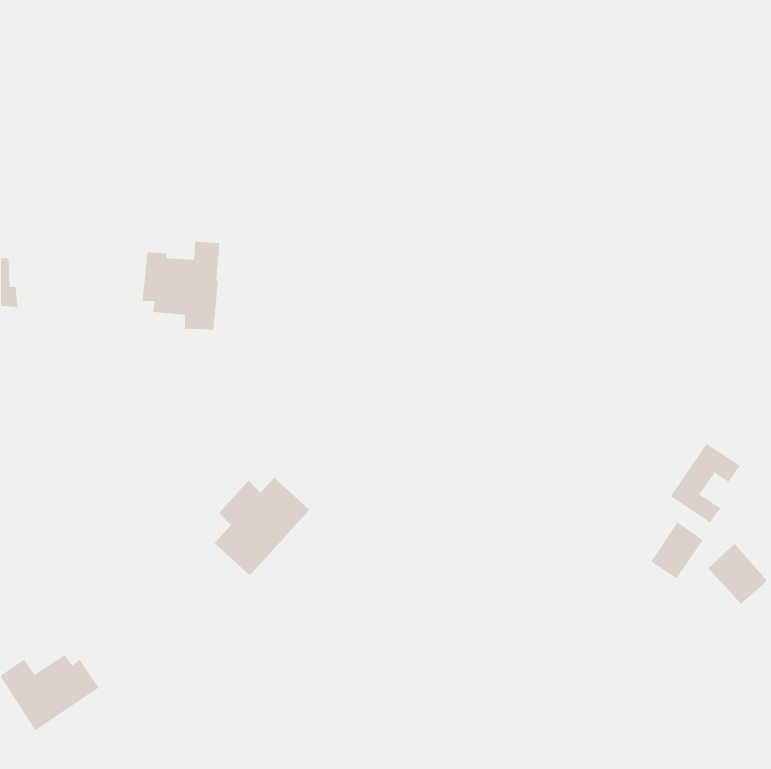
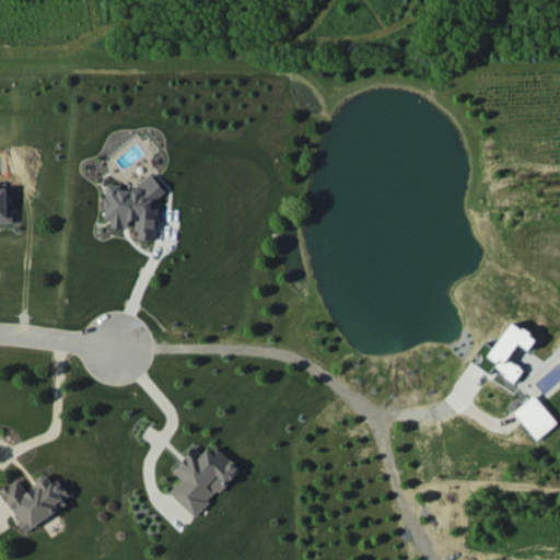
building: [214,477,310,576] -> [170,445,240,517]
building: [650,521,704,579] -> none

